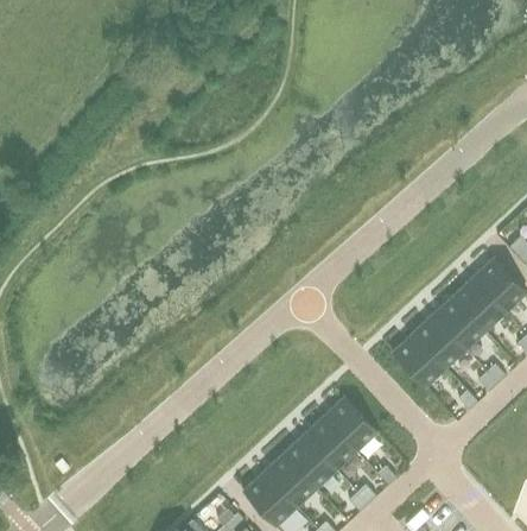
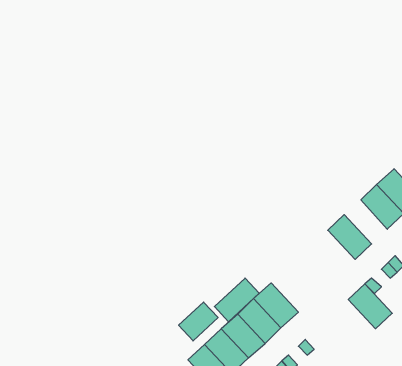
building: [433,295,485,348] -> none
building: [393,331,446,386] -> [348,284,392,329]
building: none -> [214,278,259,322]
building: none -> [179,302,218,341]

